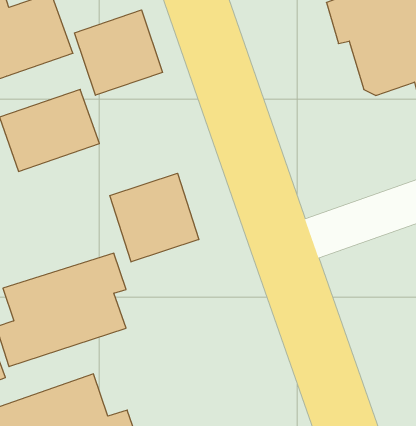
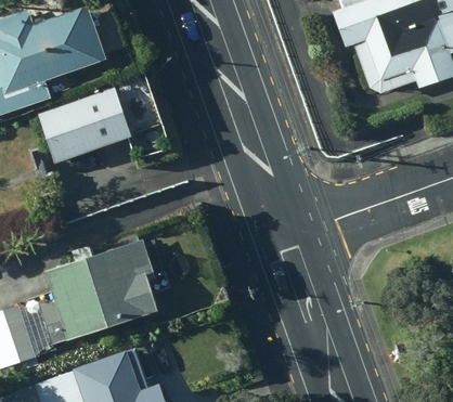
building: [75,10,162,95] -> none
building: [110,173,199,262] -> none

